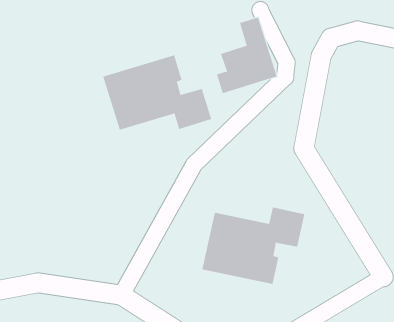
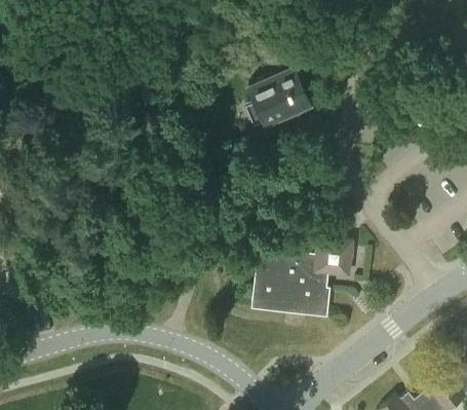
building: [103,54,212,130] -> none

